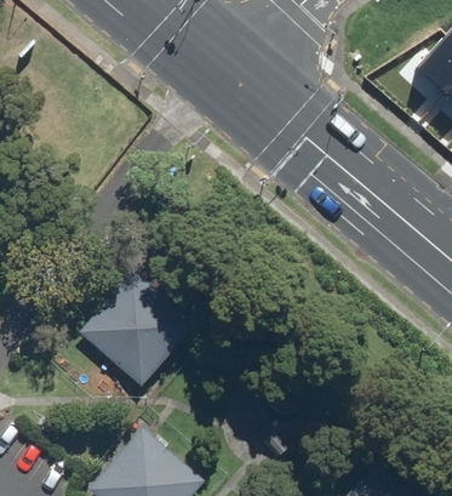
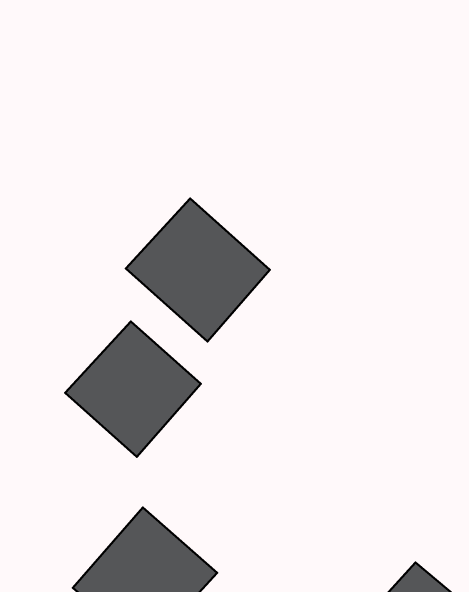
building: none -> [126,198,270,341]

